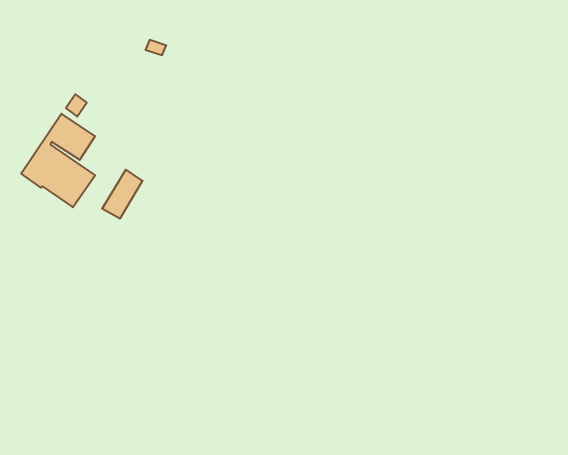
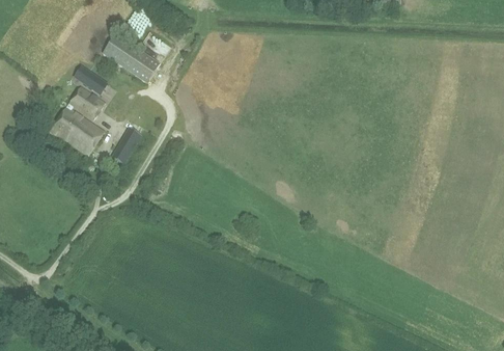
building: none -> [104,33,161,82]

